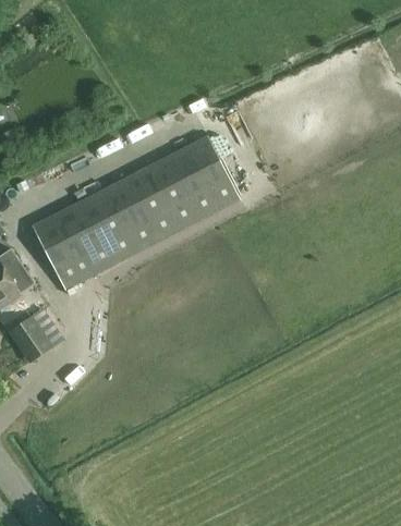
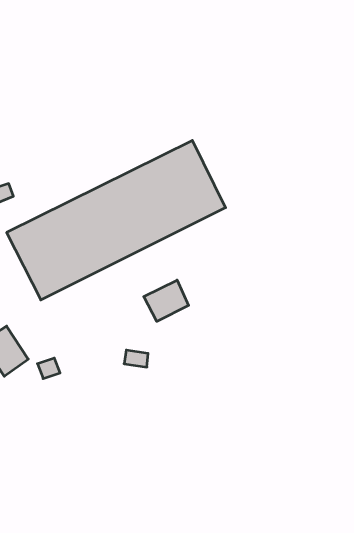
building: none -> [144,280,189,321]

